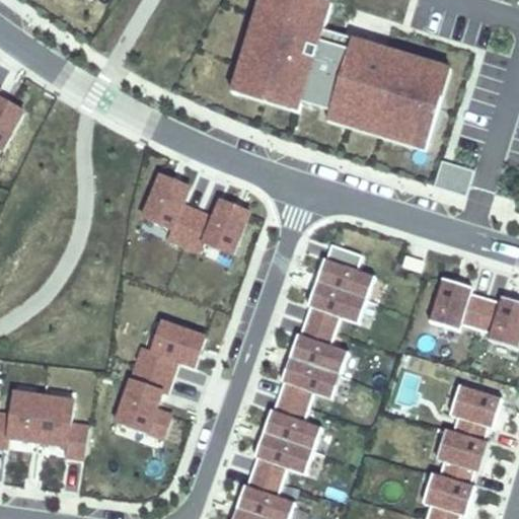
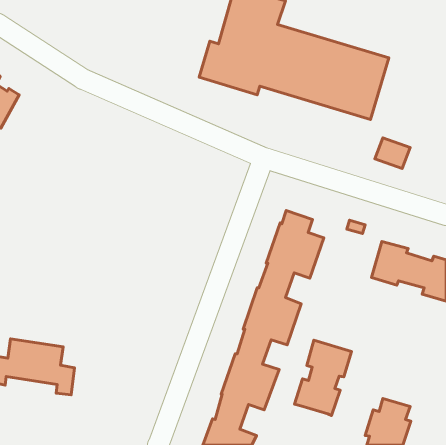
building: [141,173,247,251] -> none
building: [117,320,204,435] -> none
building: [435,384,501,471] -> [295,340,352,416]

